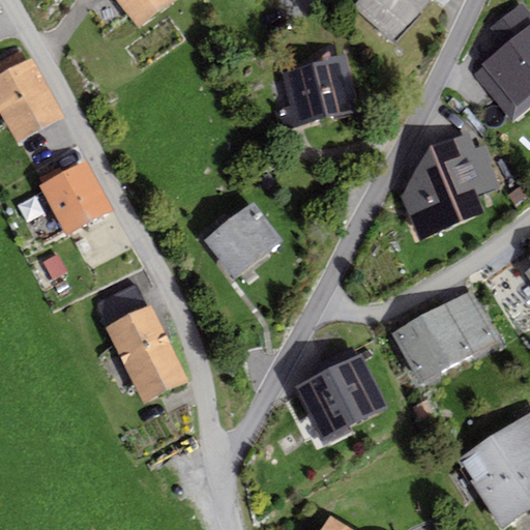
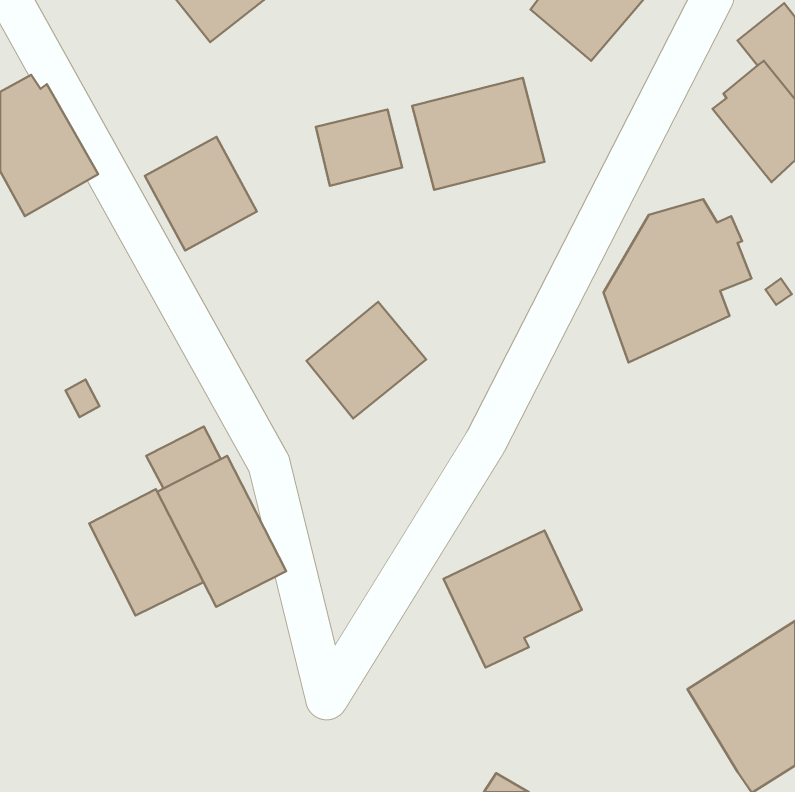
building: none -> [316,109,402,186]
building: [39,158,114,234] -> [145,137,257,250]
building: [391,288,501,384] -> none
building: none -> [89,489,204,616]

